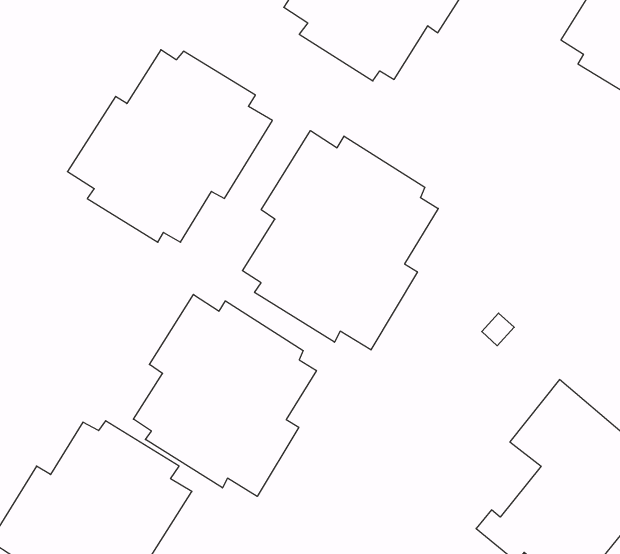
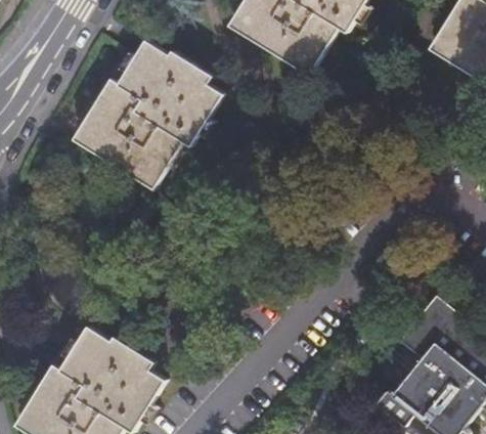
building: [242,131,438,350] -> none
building: [133,294,316,496] -> none

